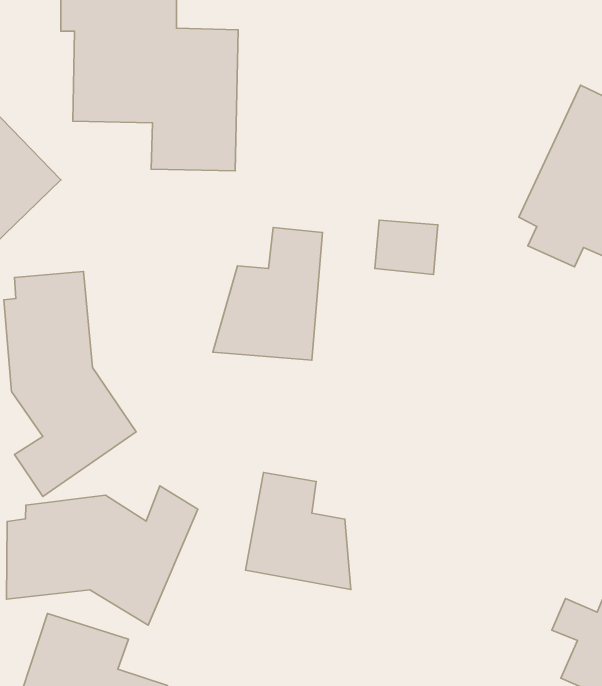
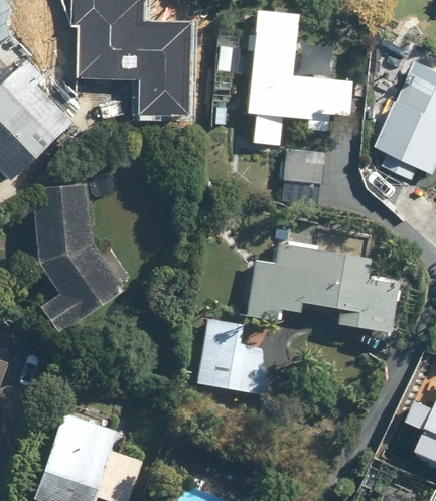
building: none -> [245,10,352,146]
building: [213,228,322,360] -> none
building: none -> [247,243,399,332]
building: [7,486,198,625] -> none

